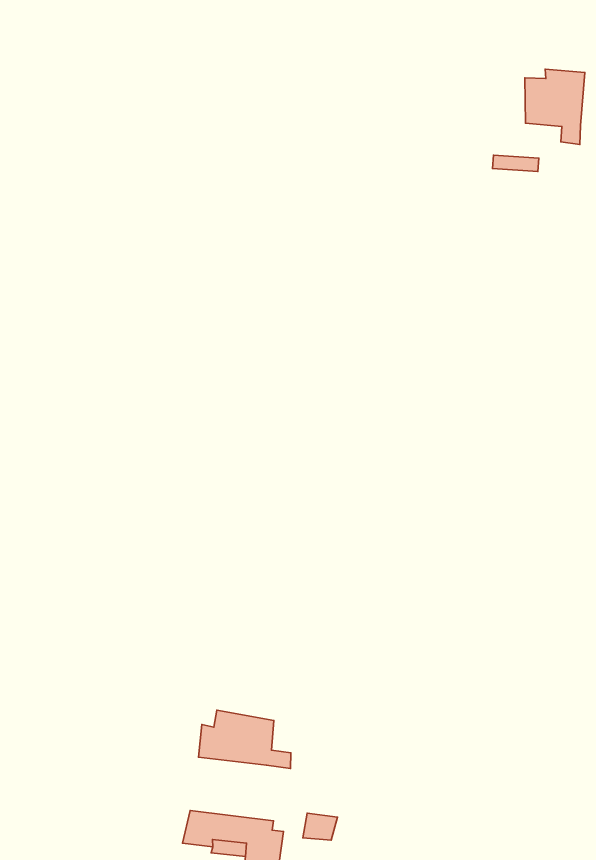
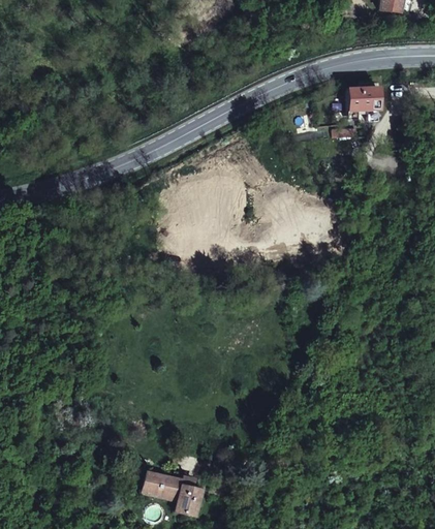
building: [199,710,291,769] -> none

